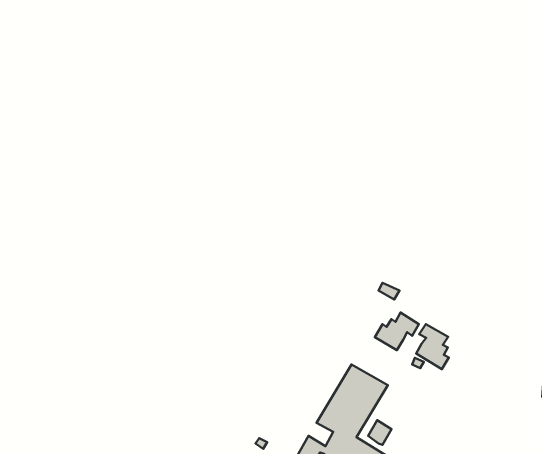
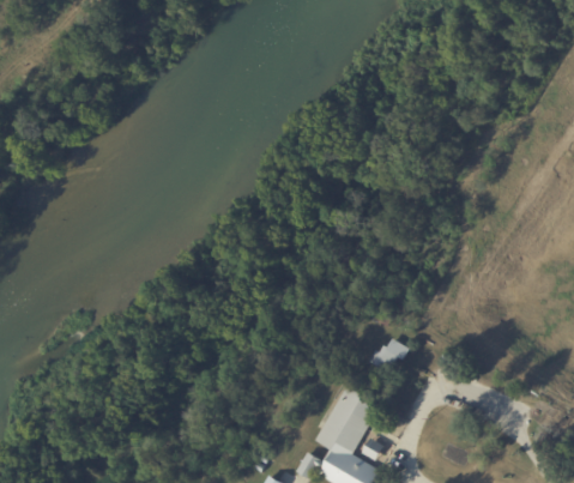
building: [416,324,449,369] -> none

